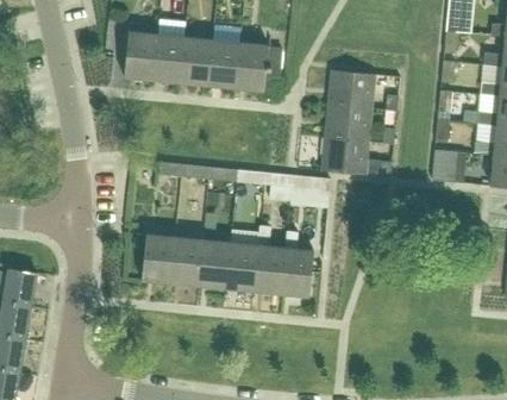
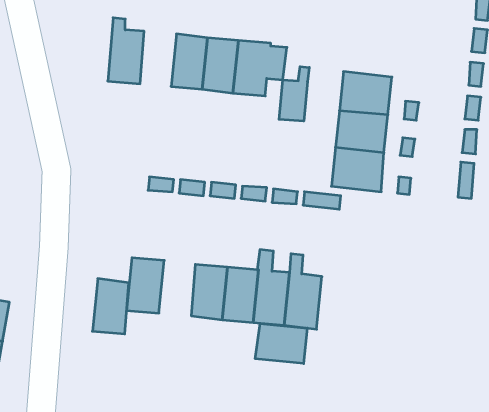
building: [152,33,184,82] -> none
building: none -> [279,67,309,121]
building: [169,236,201,285] -> [92,279,129,334]
building: none -> [255,323,307,364]

